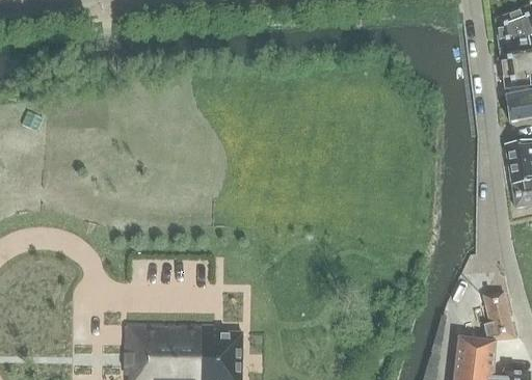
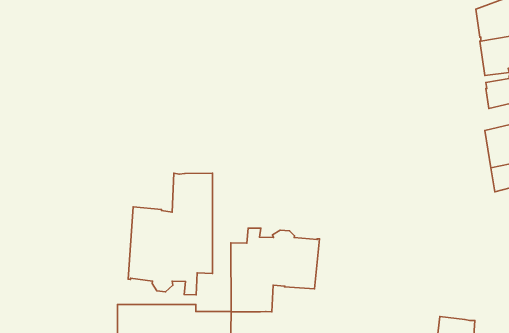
building: none -> [128,173,213,295]
building: none -> [231,228,320,312]
building: [481,291,514,341] -> none

